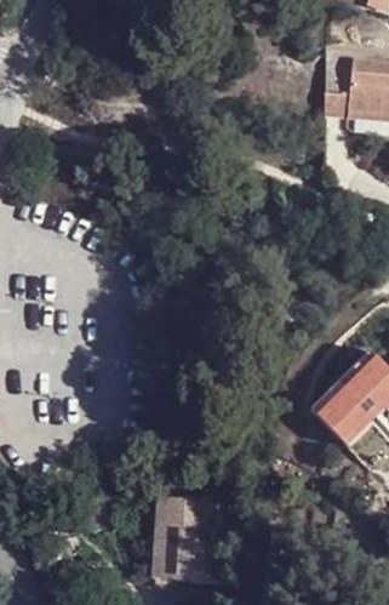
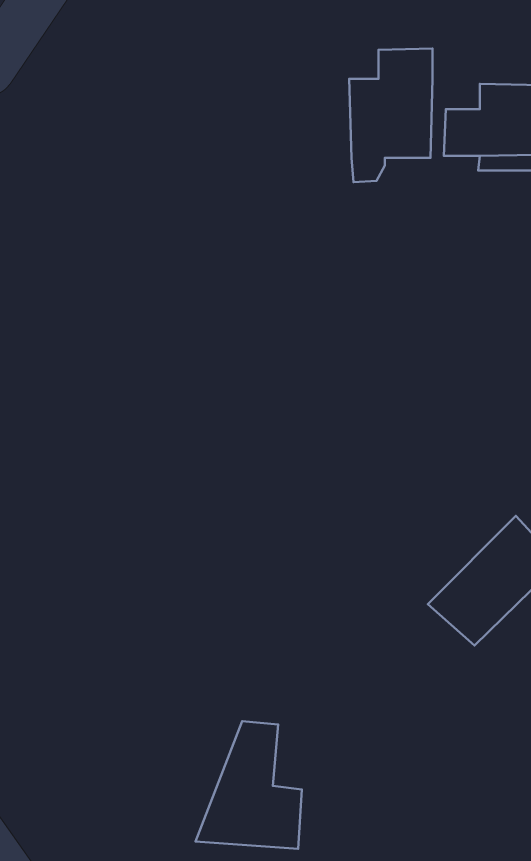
building: none -> [349,48,433,182]
building: [150,489,188,572] -> none

